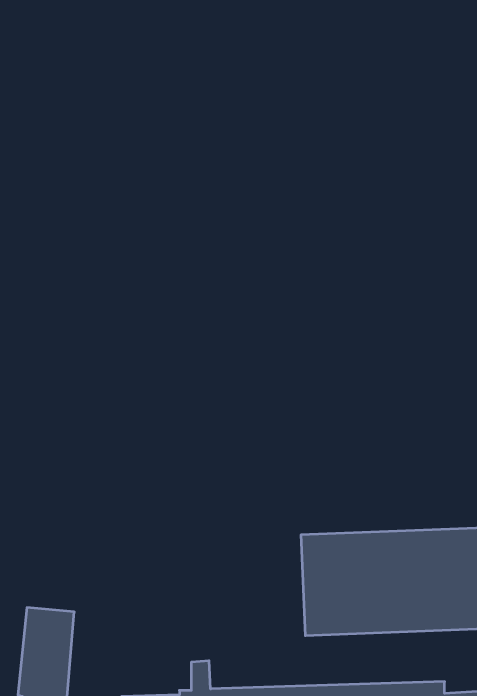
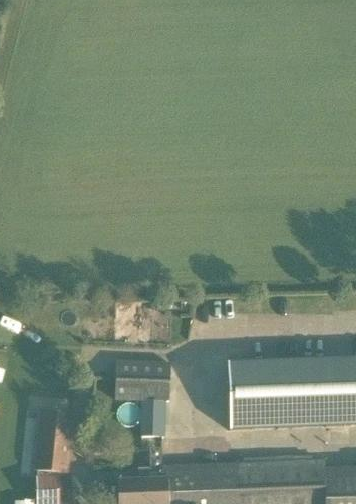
building: none -> [116,362,172,450]

